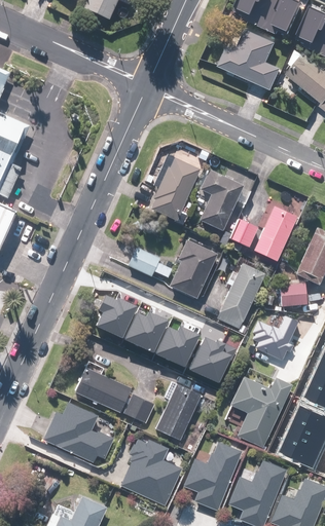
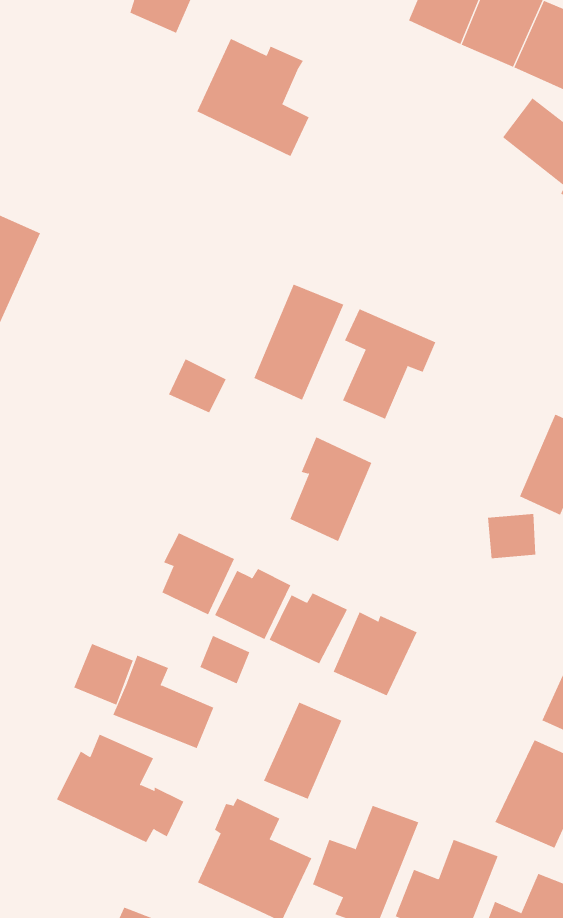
building: [220,27,282,91] -> [197,38,310,157]
building: [252,206,295,261] -> none
building: [231,220,257,247] -> none
building: [129,248,160,277] -> [168,359,227,413]
building: [217,264,264,328] -> none
building: [256,313,302,358] -> none
building: none -> [73,643,133,705]
building: [228,377,289,446] -> none
building: [125,394,153,421] -> [199,635,250,684]

